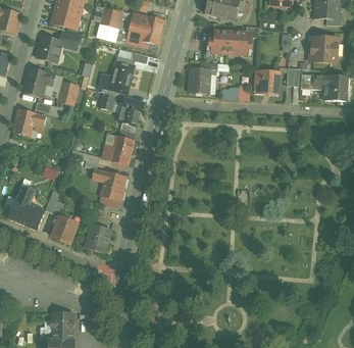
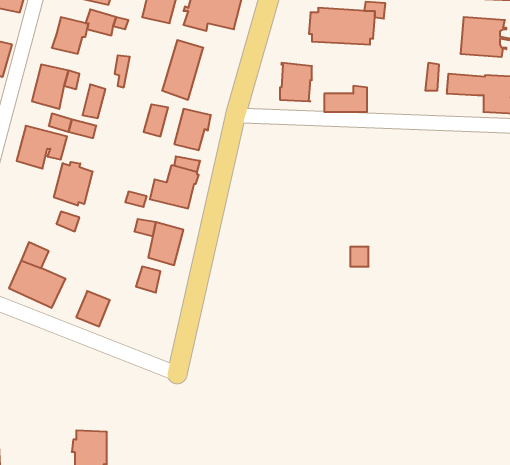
building: [254,69,280,93] -> none
building: none -> [54,162,93,206]
building: [86,223,111,252] -> none

